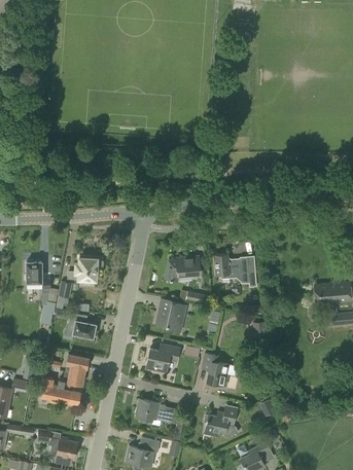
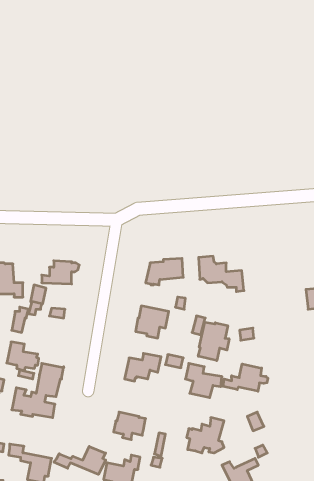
building: [67,313,97,339] -> [7,342,39,371]
building: none -> [198,322,229,361]
building: none -> [223,364,268,391]
building: none -> [54,446,106,474]

